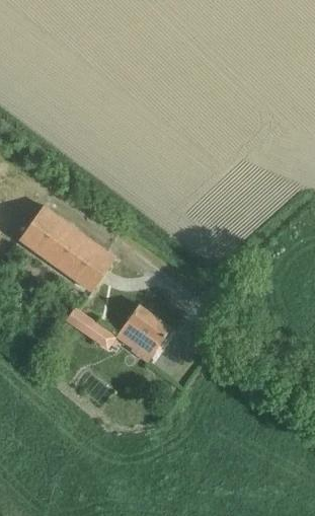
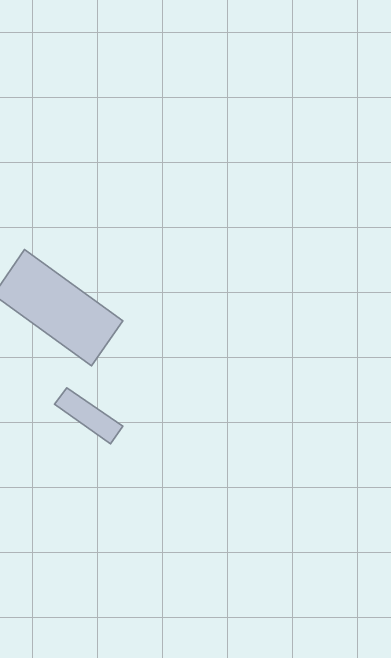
building: [114,303,170,362] -> none

